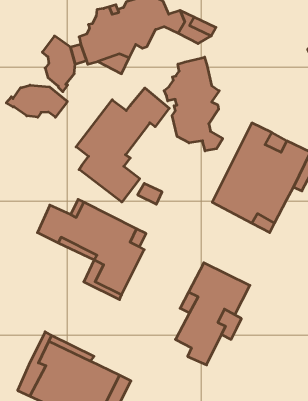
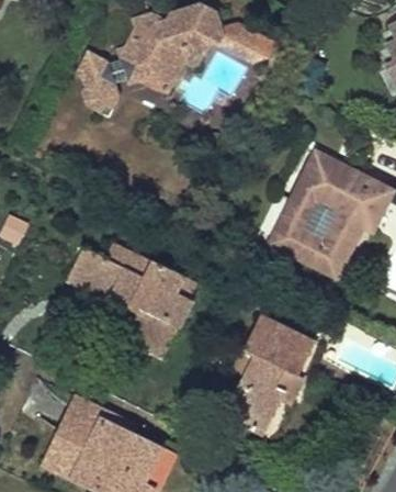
building: [164,57,223,151] -> none
building: [6,85,67,117] -> none
building: [76,88,169,202] -> none

